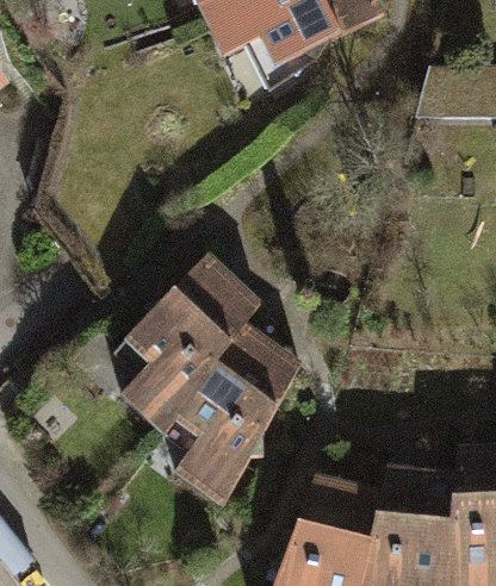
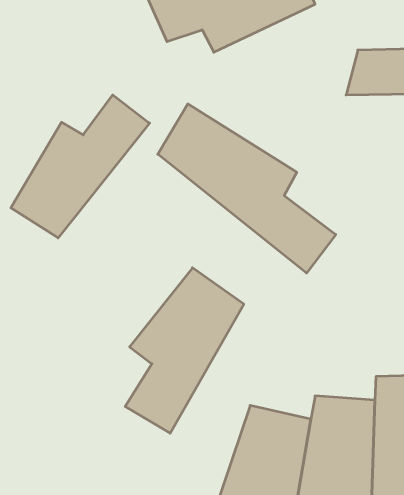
building: none -> [11,95,150,238]
building: none -> [158,104,336,273]
building: [119,249,264,425] -> none

